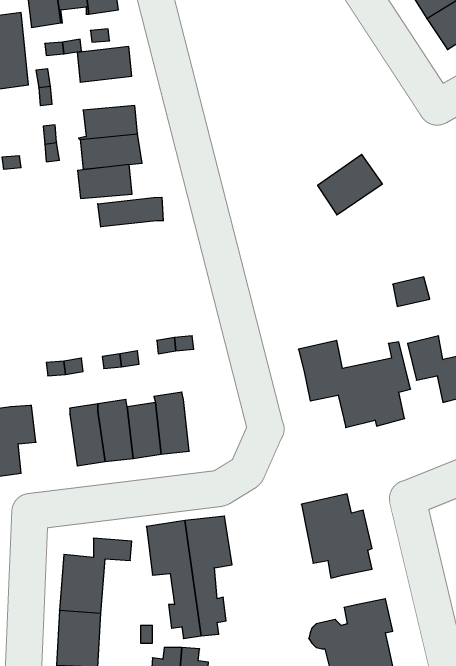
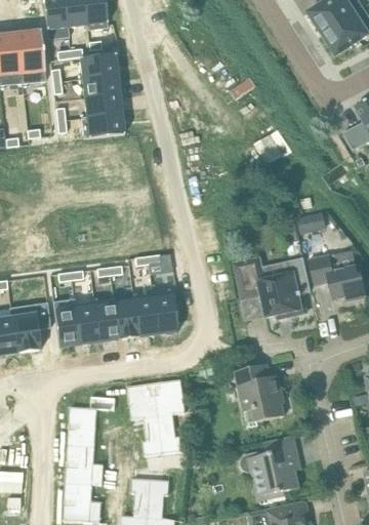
building: [78,165,132,198] -> [81,74,119,97]
building: [98,197,163,227] -> none
building: none -> [152,290,177,334]
building: none -> [52,298,79,348]

